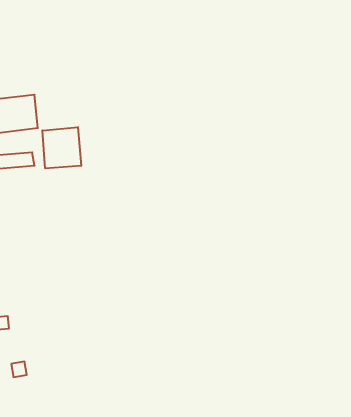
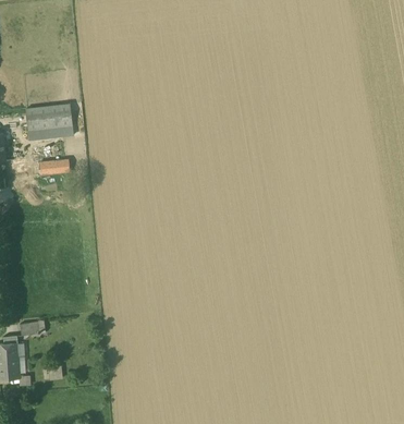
building: [42,127,81,168] -> none

